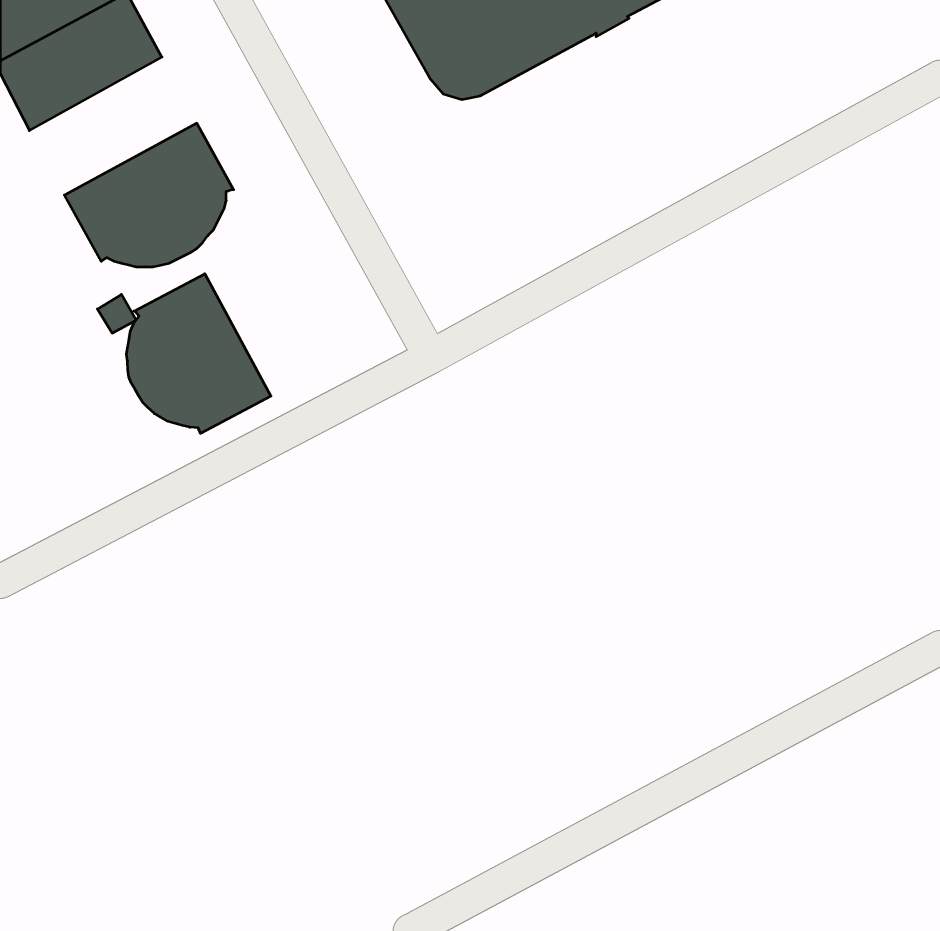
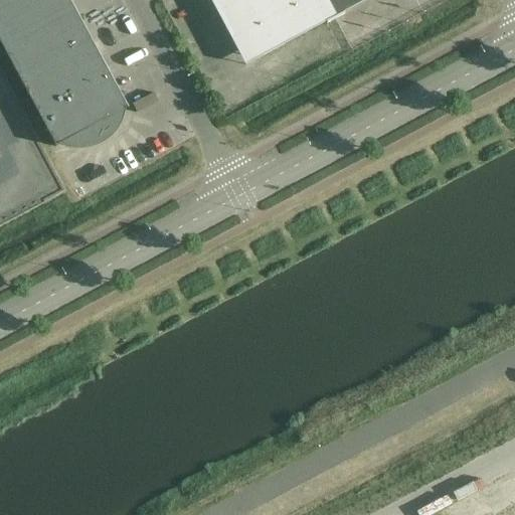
building: none -> [16,31,108,107]
building: [126,274,271,433] -> none

